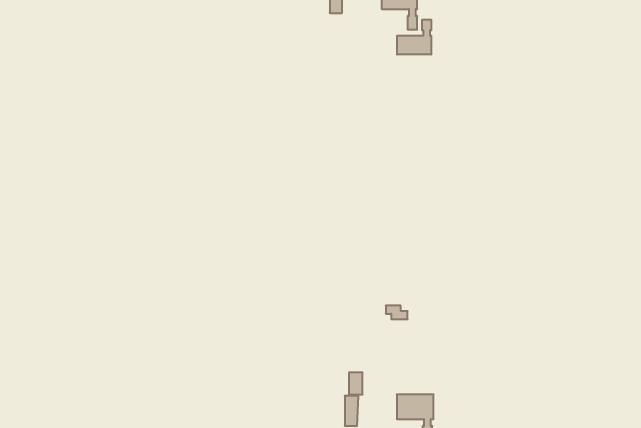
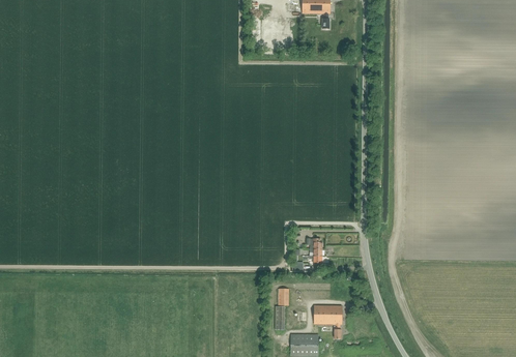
building: [397,20,431,55] -> none

